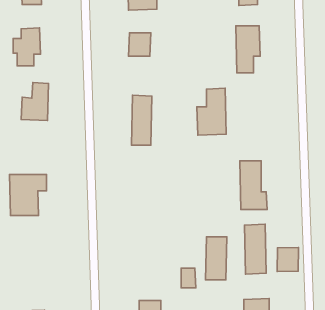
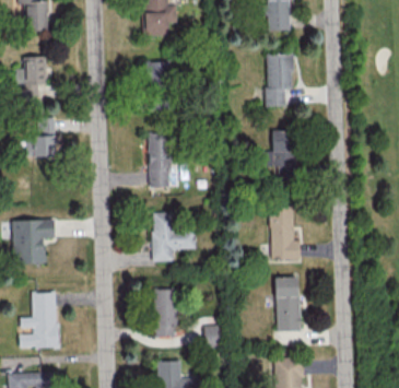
building: [197,88,226,135] -> [261,131,294,184]
building: none -> [152,212,196,262]
building: [205,237,227,280] -> [153,290,177,338]
building: none -> [20,293,58,350]
building: [277,248,298,271] -> none

